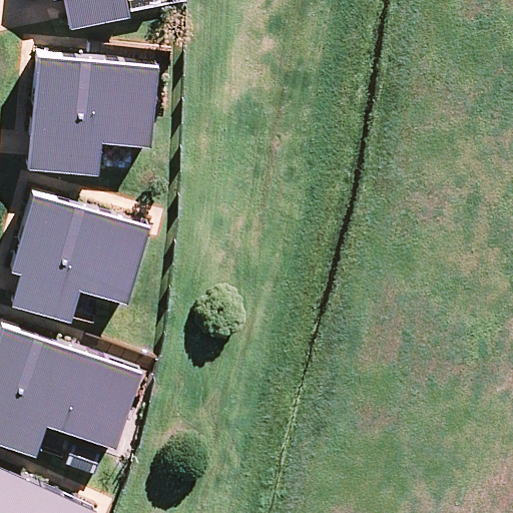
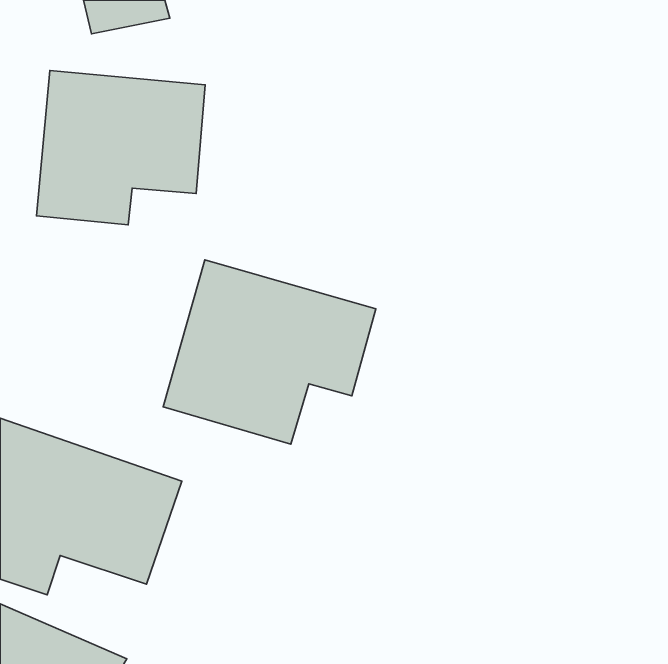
building: [10,192,148,321] -> none
building: none -> [163,260,376,444]

